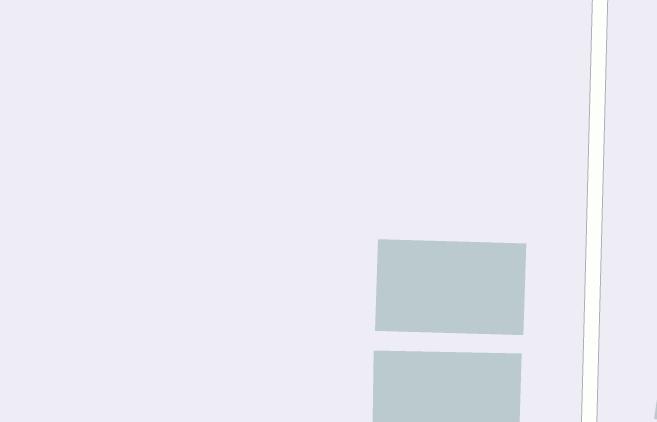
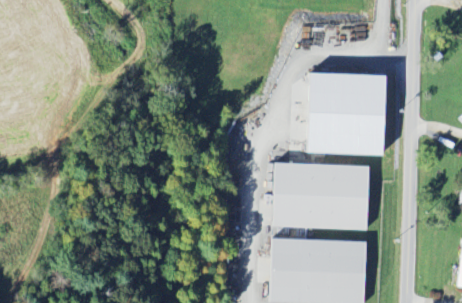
building: none -> [299,73,387,155]

